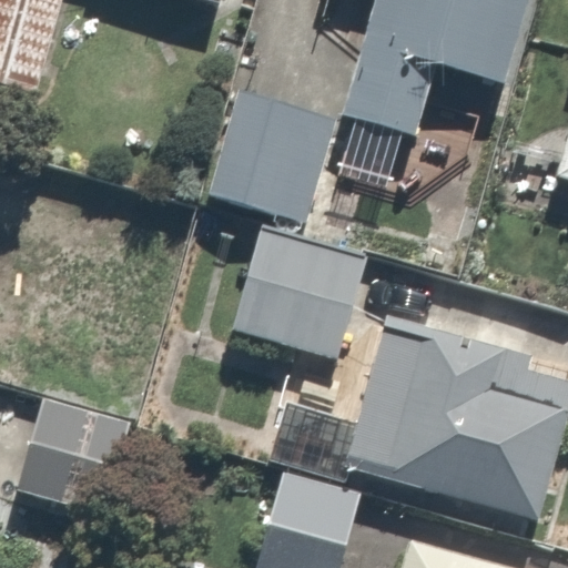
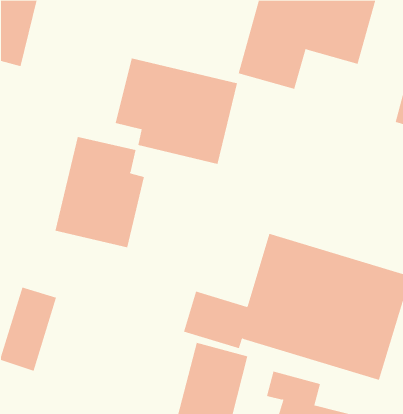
building: none -> [55,136,144,248]
building: [231,227,379,369] -> none

